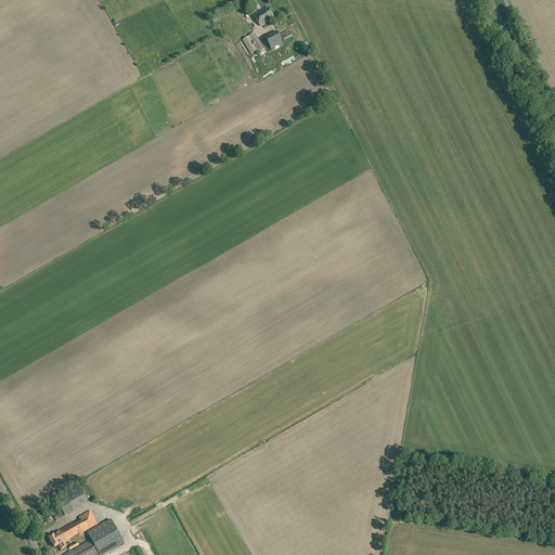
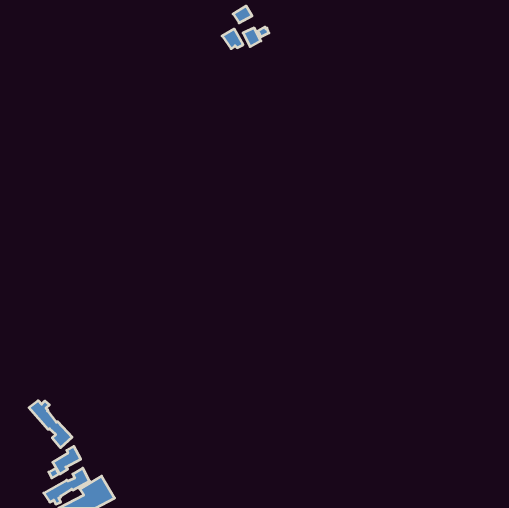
building: none -> [29,401,72,448]

